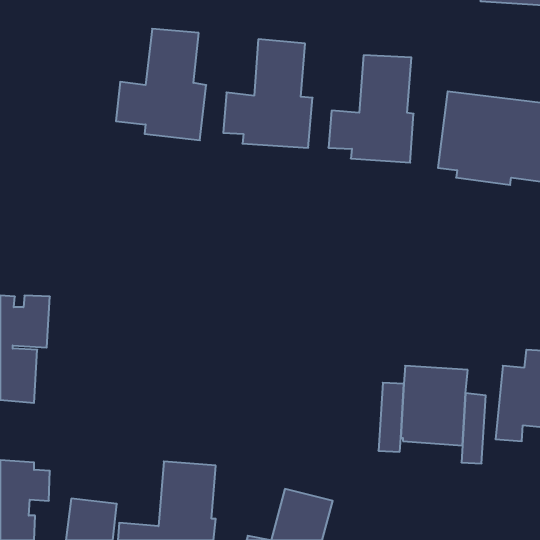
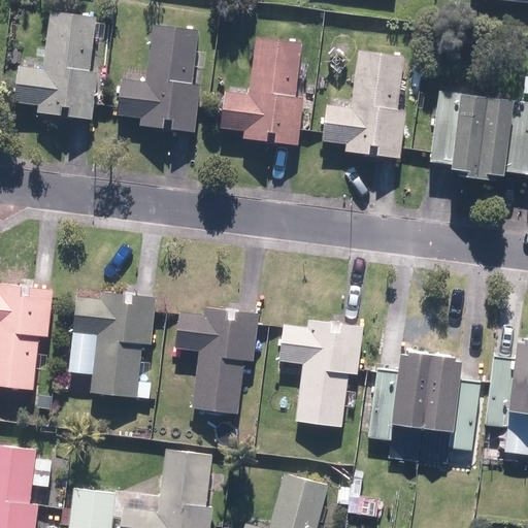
building: none -> [11,12,98,124]
building: none -> [72,295,152,398]
building: none -> [173,307,259,414]
building: none -> [280,318,365,425]

